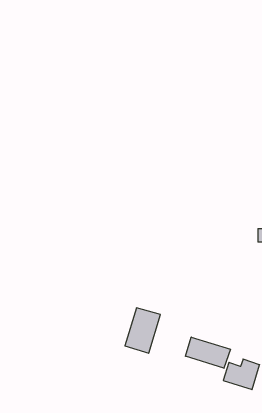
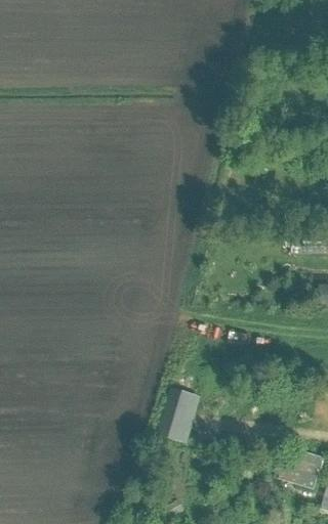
building: [185,337,230,368] -> none

